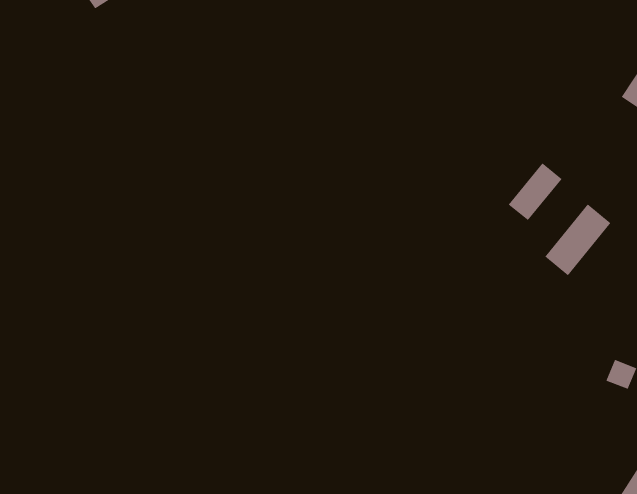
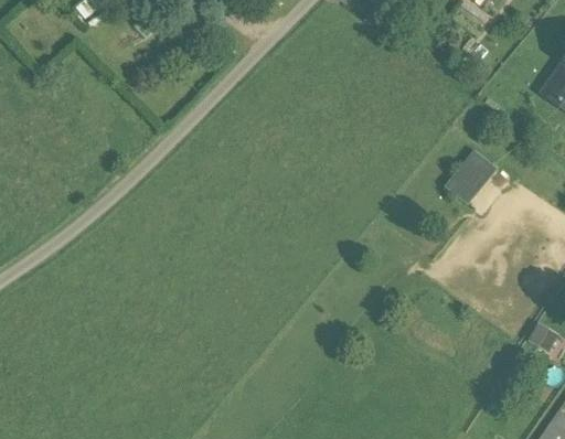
building: [544,204,611,276] -> none

